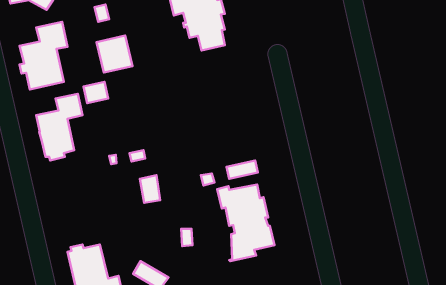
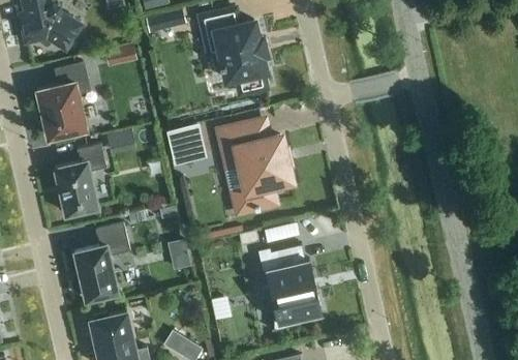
building: [96,36,132,73] -> [165,124,206,166]
building: none -> [219,121,290,212]
building: none -> [73,223,129,300]

